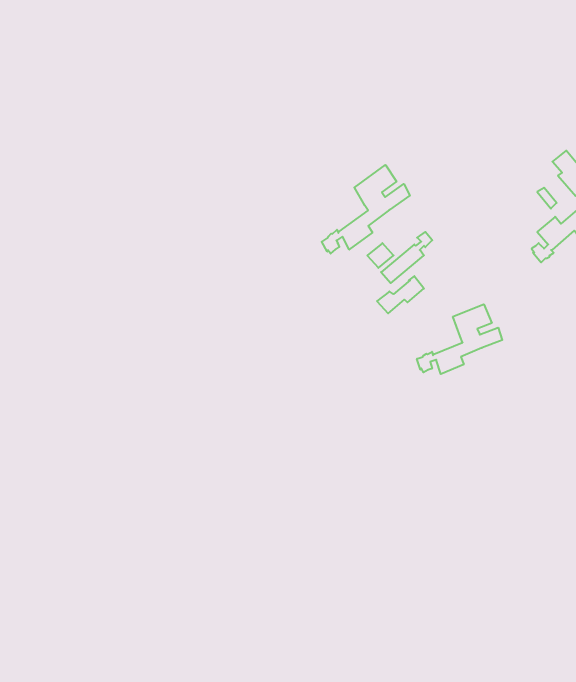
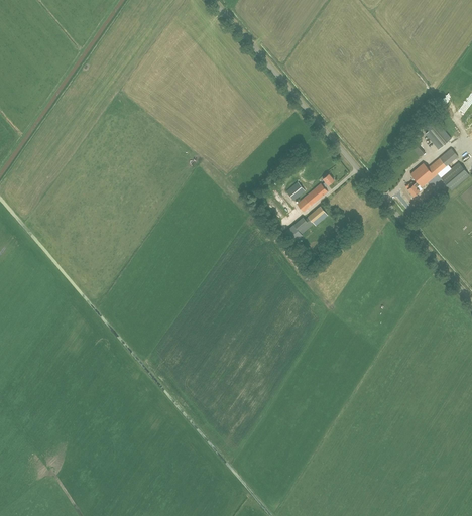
building: [322,165,410,254] -> none
building: [417,304,502,374] -> none

